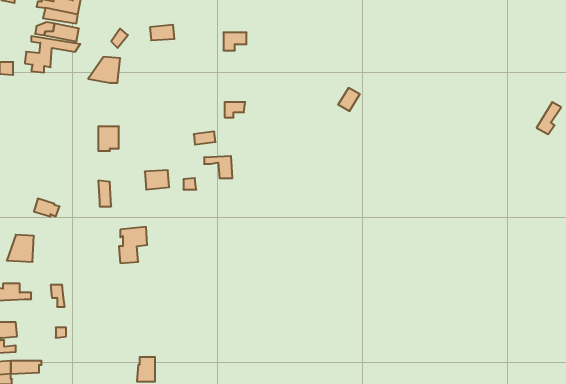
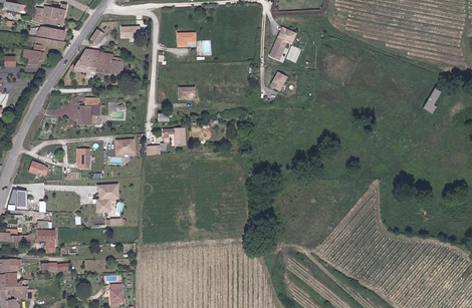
building: none -> [267,30,294,61]
building: none -> [95,52,123,72]

